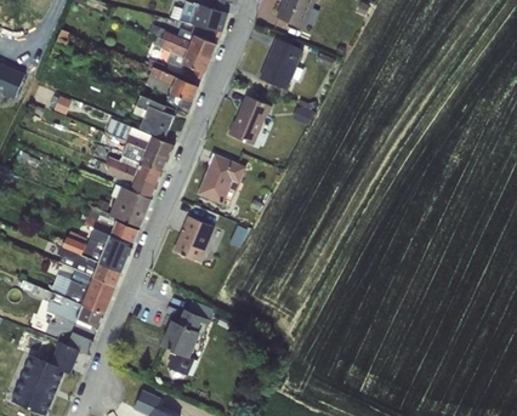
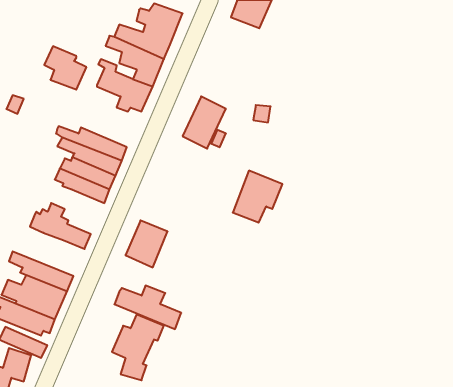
building: [258,38,303,90] -> none
building: [132,95,174,137] -> [44,46,86,90]
building: [197,153,245,204] -> [233,171,282,223]
building: [109,186,152,226] -> none
building: [62,228,127,270] -> [114,286,181,329]

